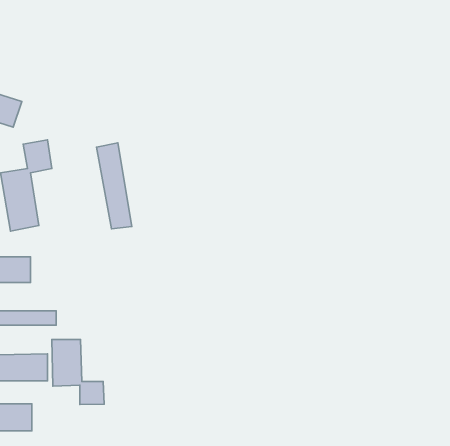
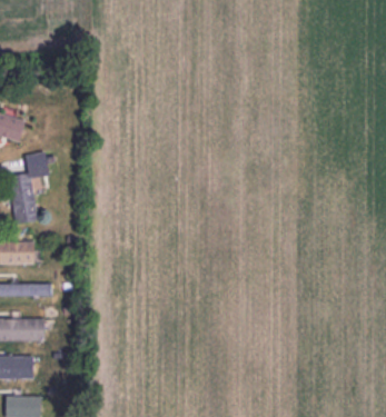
building: [96,143,132,229] -> none
building: [52,339,104,405] -> none

